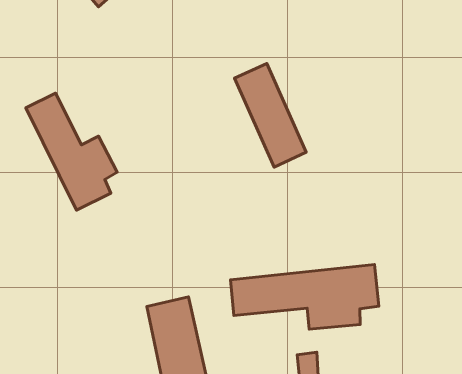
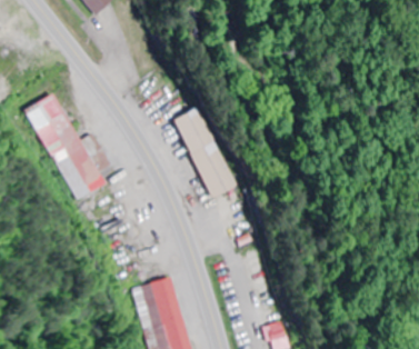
building: [235,63,306,167] -> [173,106,238,199]
building: [230,265,379,329] -> none

